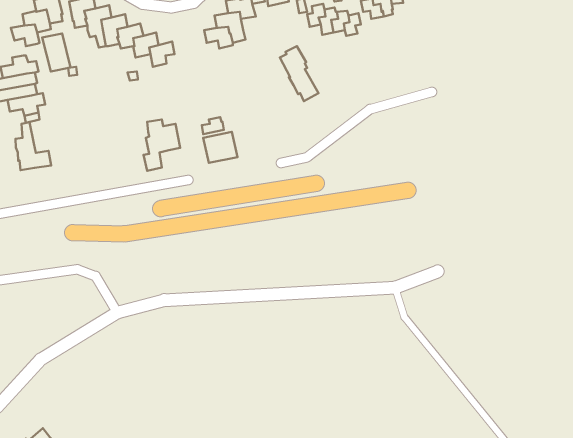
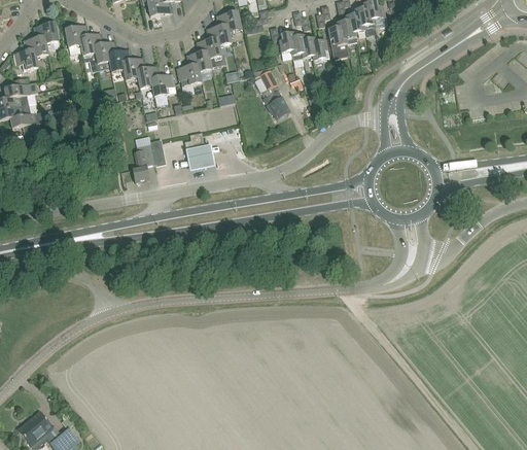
building: [42,33,71,72] -> none
building: none -> [176,64,202,85]
building: none -> [151,73,176,96]
building: [16,122,51,170] -> none

